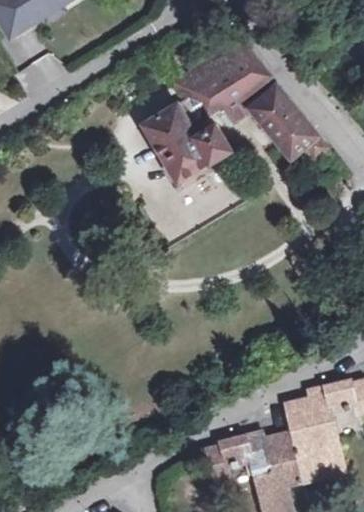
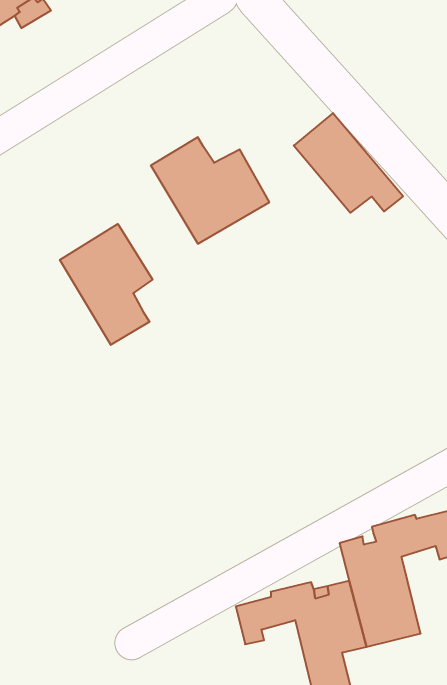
building: [177,40,278,111] -> none
building: none -> [60,224,153,345]

